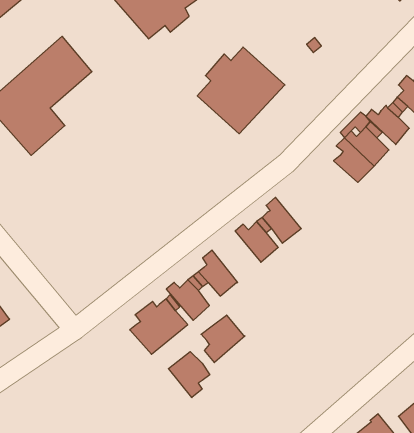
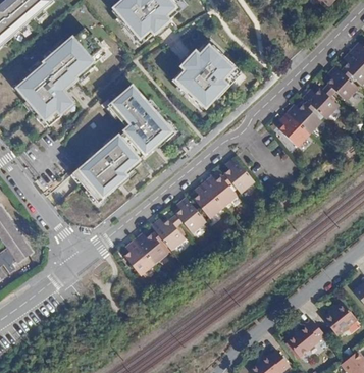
building: none -> [112,86,172,155]
building: none -> [72,132,141,203]
building: none -> [194,182,223,217]
building: [201,315,245,363] -> none
building: [168,352,210,398] -> none

